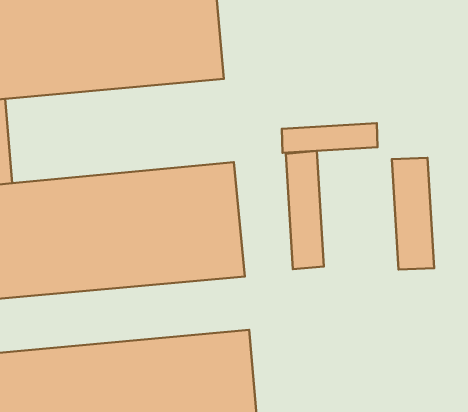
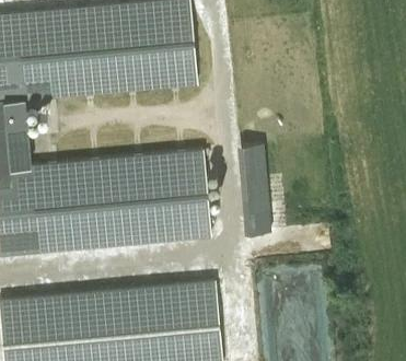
building: [282,123,378,153] -> none
building: [392,158,434,270] -> none

